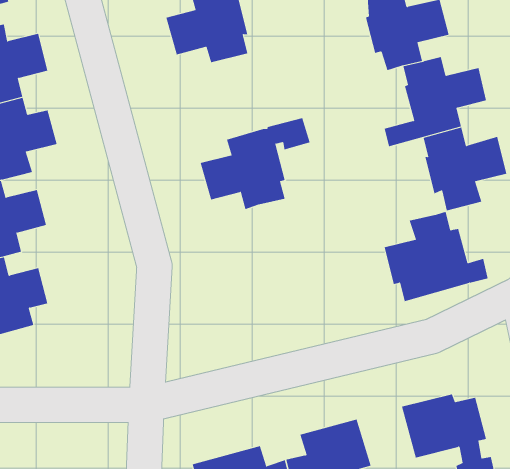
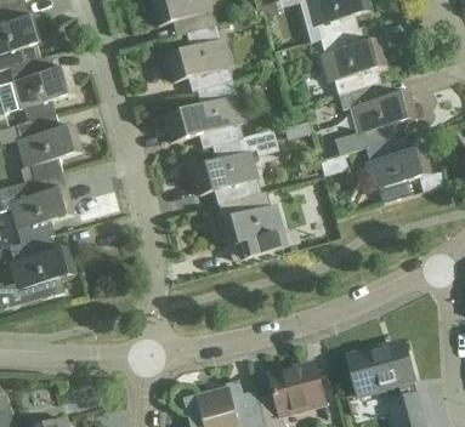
building: none -> [160,80,243,147]
building: [384,211,488,302] -> [217,190,299,261]

